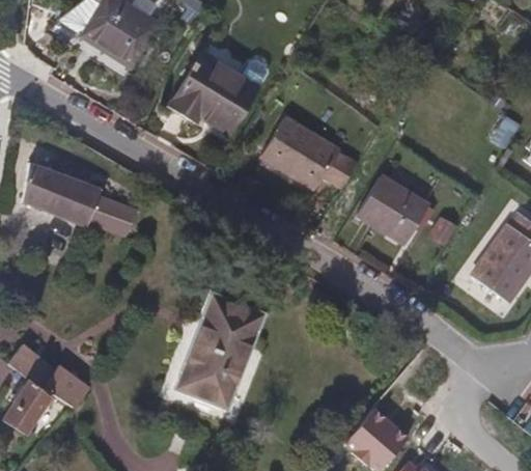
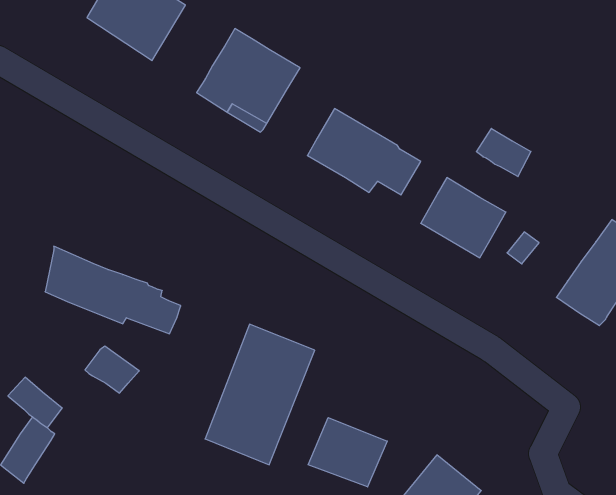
building: none -> [476,128,531,177]
building: [21,158,135,231] -> [45,246,181,334]
building: [43,366,88,406] -> [85,346,139,393]
building: none -> [308,418,387,487]

